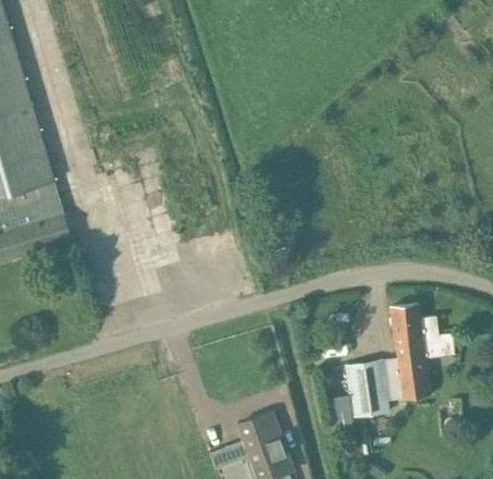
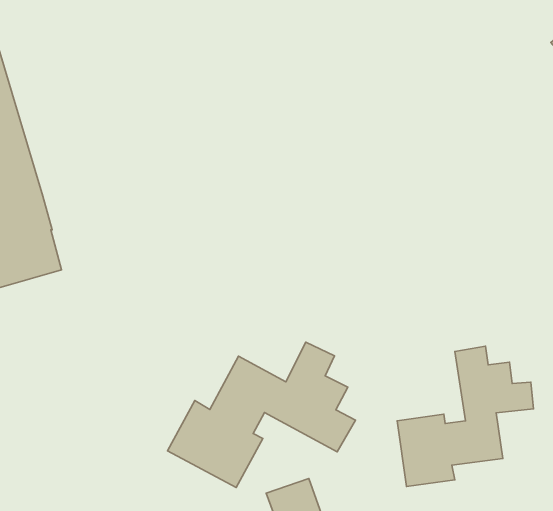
building: none -> [168,342,356,487]

